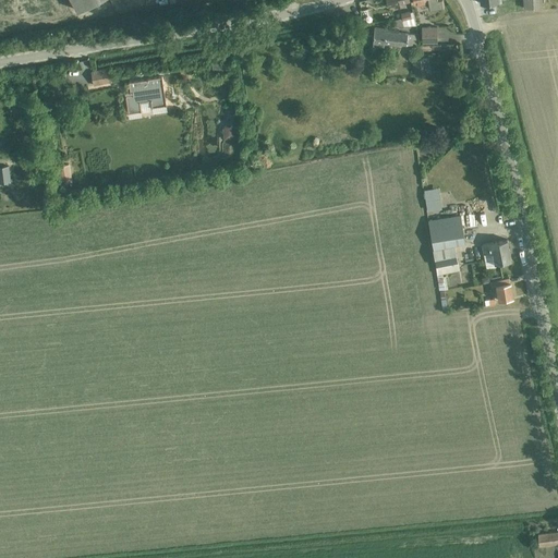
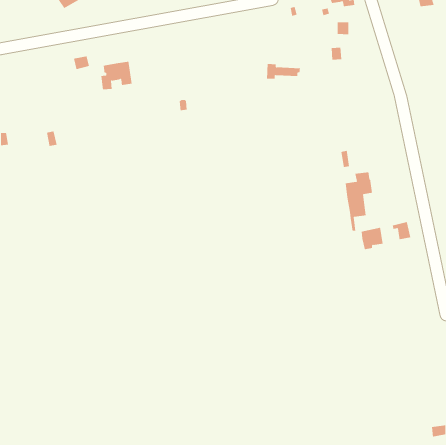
building: [372,28,415,48] -> [266,63,301,79]
building: [482,239,510,267] -> [361,227,383,250]

